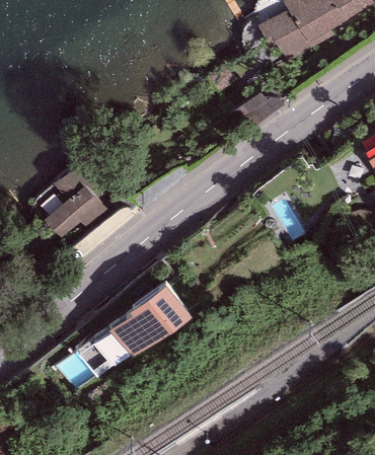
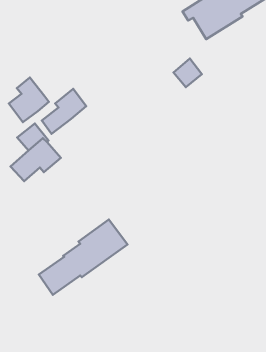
building: none -> [9,77,49,122]
building: none -> [42,89,86,134]

